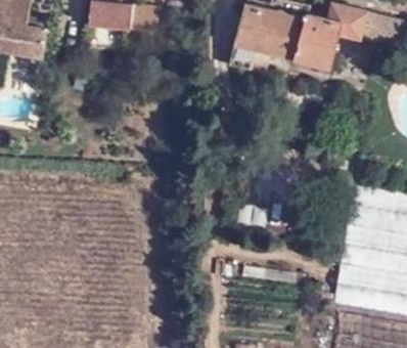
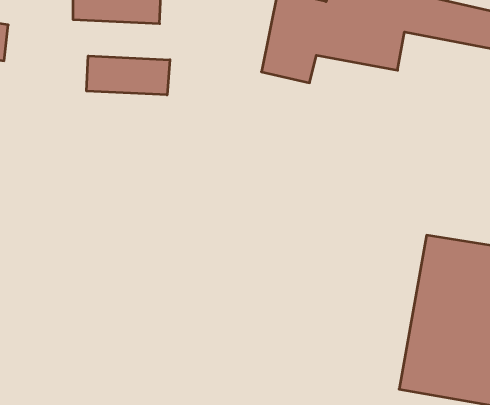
building: none -> [87,56,170,95]

